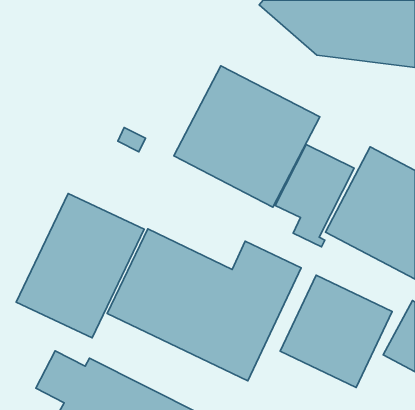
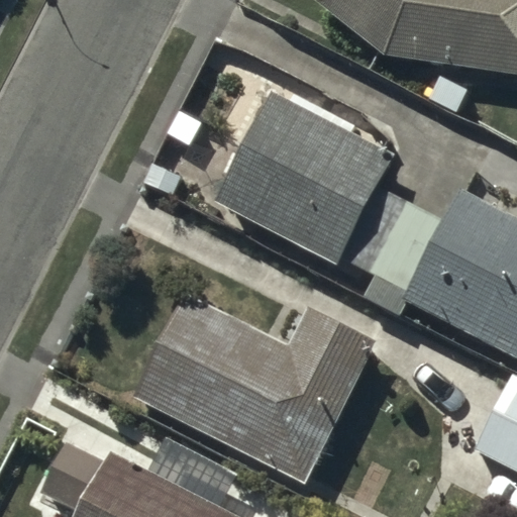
building: [16,193,144,338] -> none
building: [280,275,392,388] -> none

